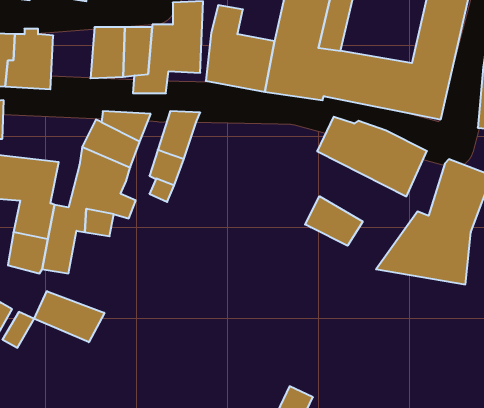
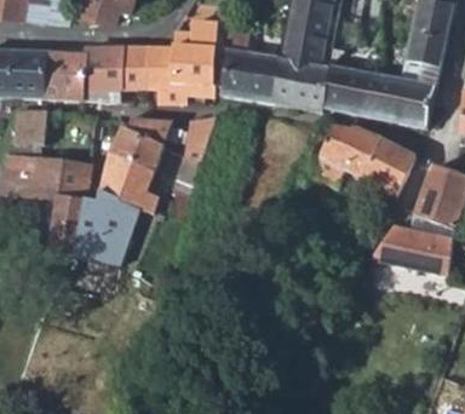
building: none -> [82,46,121,102]
building: [305,196,363,246] -> none
building: [34,291,104,342] -> none

